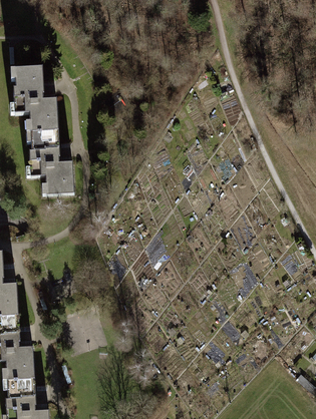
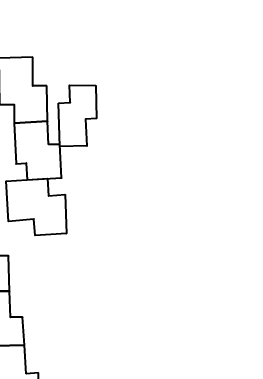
building: none -> [59,85,97,147]
building: none -> [6,179,66,235]

